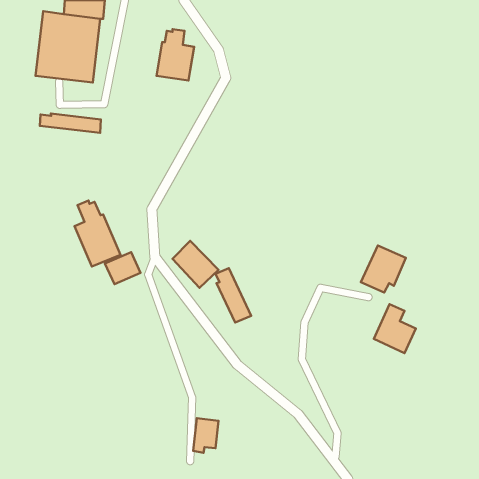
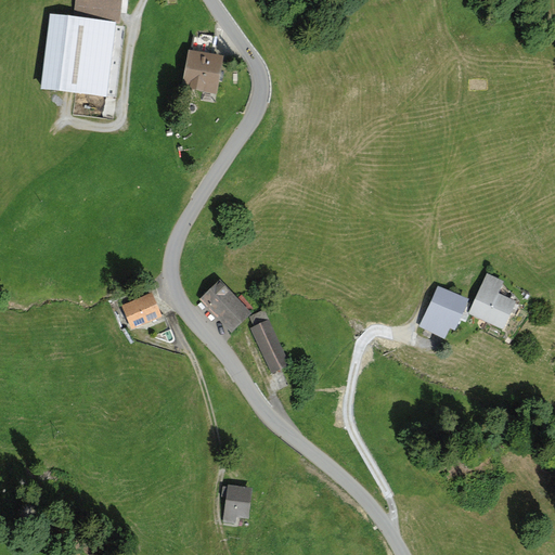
building: [40,113,101,133] -> none
building: [74,201,120,266] -> none
building: [374,304,416,353] -> [468,273,517,330]

